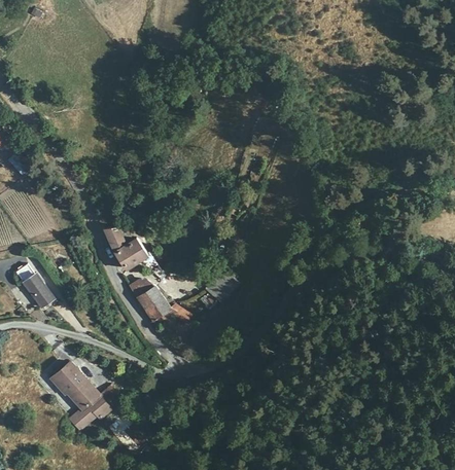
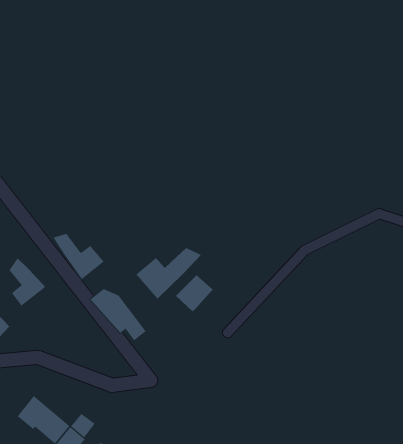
building: none -> [9,258,46,307]
building: none -> [135,247,202,299]

